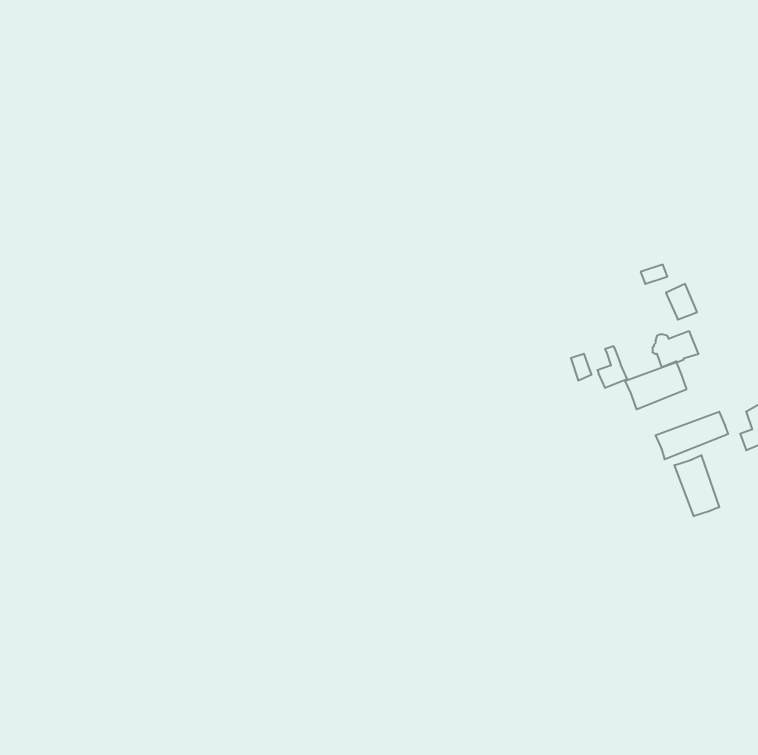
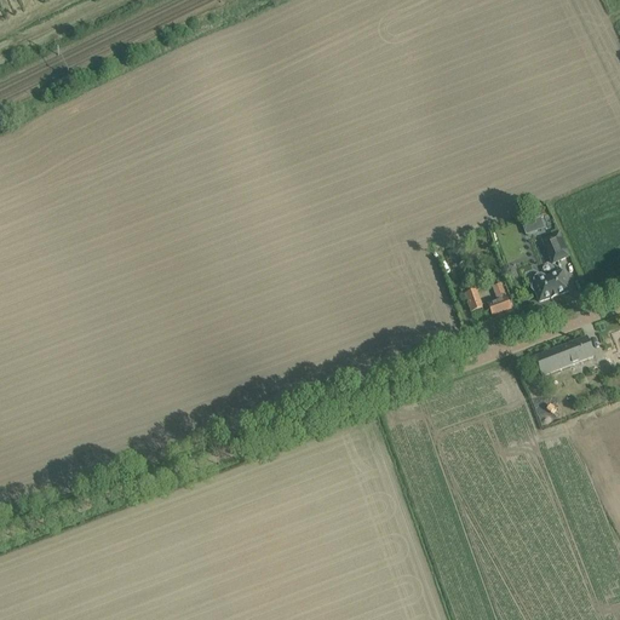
building: [625,362,686,409] -> none
building: [674,455,719,516] -> none

